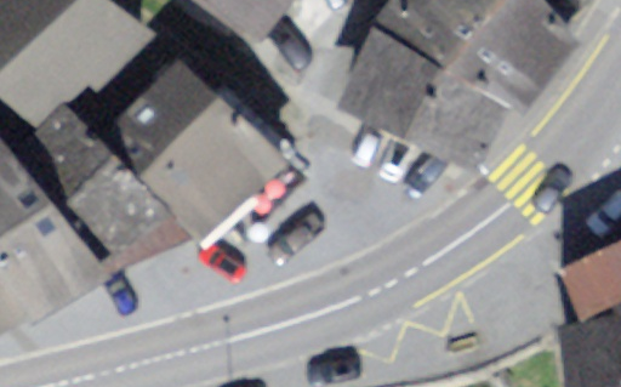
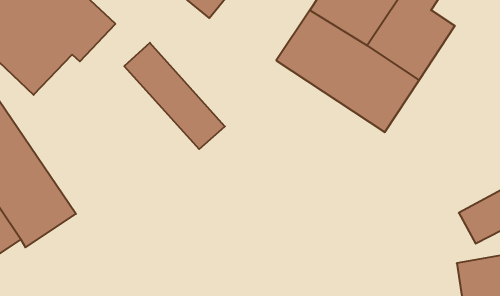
building: [109,89,245,229] -> none
building: [24,107,154,246] -> none

